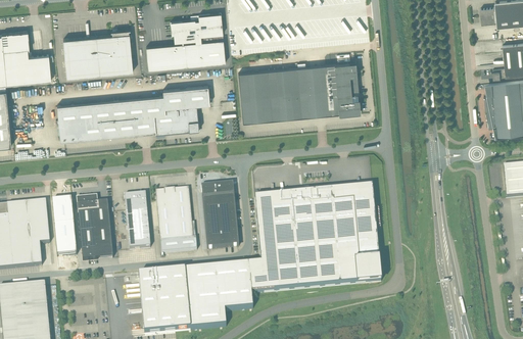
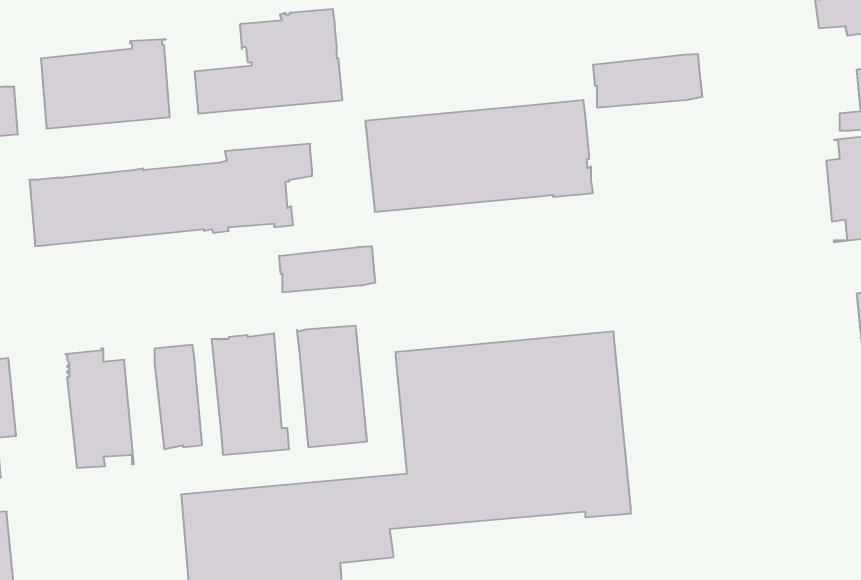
building: none -> [593,54,702,108]
building: none -> [279,246,375,292]
building: [52,199,78,257] -> none

